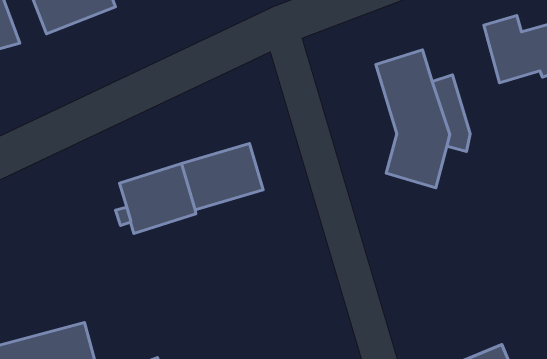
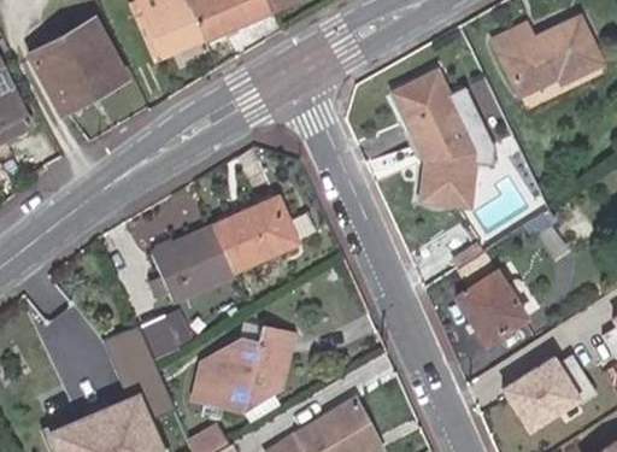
building: none -> [143,310,188,356]
building: none -> [457,274,527,344]
building: none -> [195,323,294,410]

